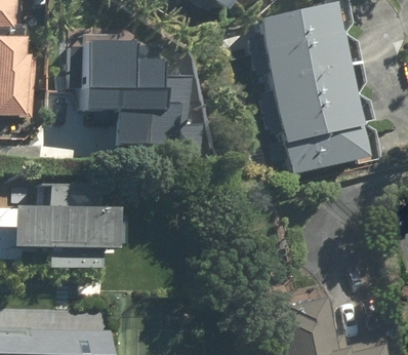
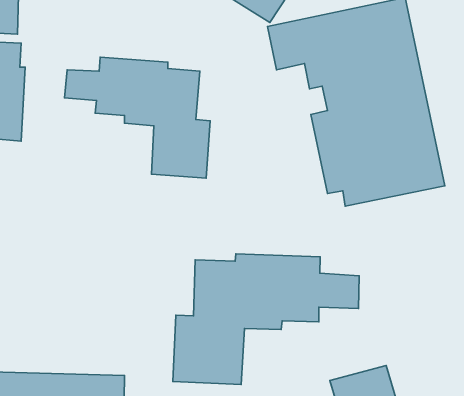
building: [16,184,123,270] -> none
building: none -> [173,254,359,384]

